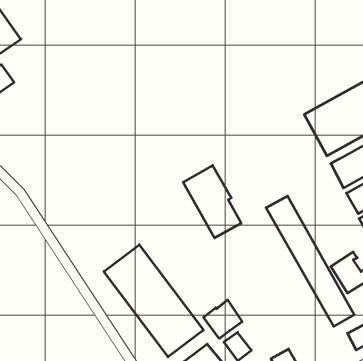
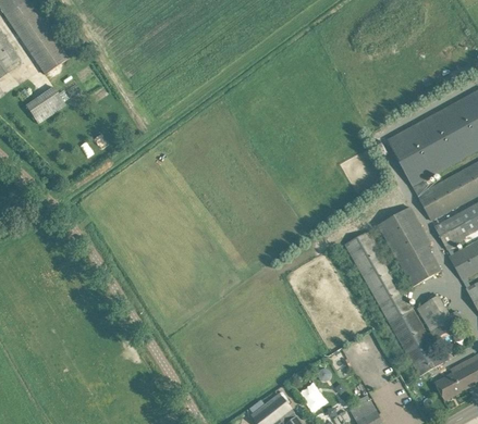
building: [183,165,241,238] -> [377,207,441,287]
building: [104,245,203,357] -> none
building: [204,300,242,338] -> none

